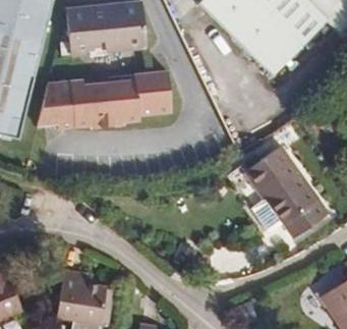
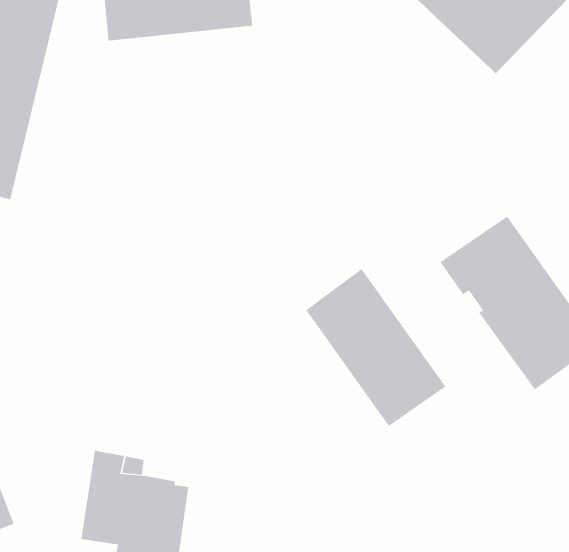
building: [38,71,172,128] -> none
building: none -> [306,268,446,427]

